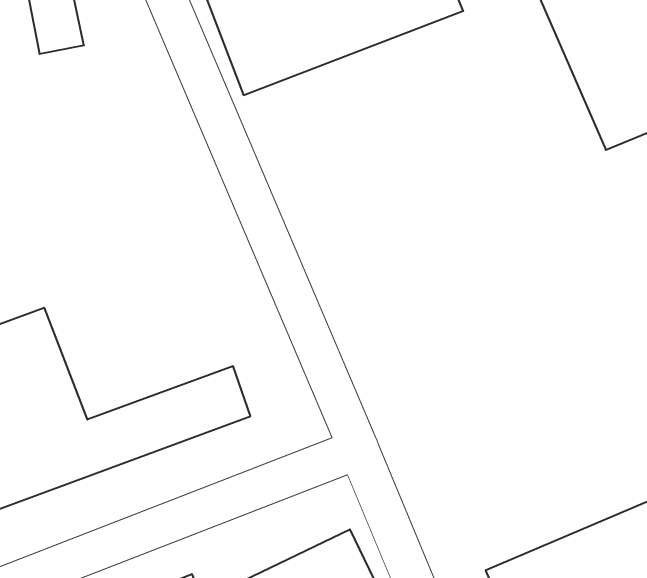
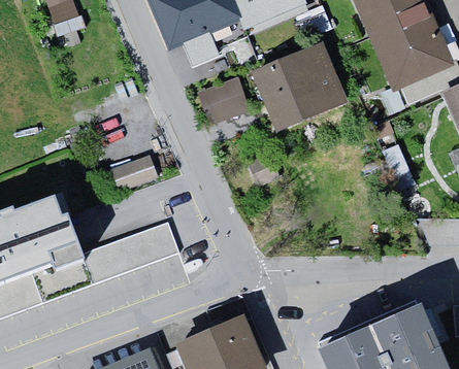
building: none -> [253,39,349,132]
building: none -> [200,77,249,123]
building: none -> [102,155,157,192]

